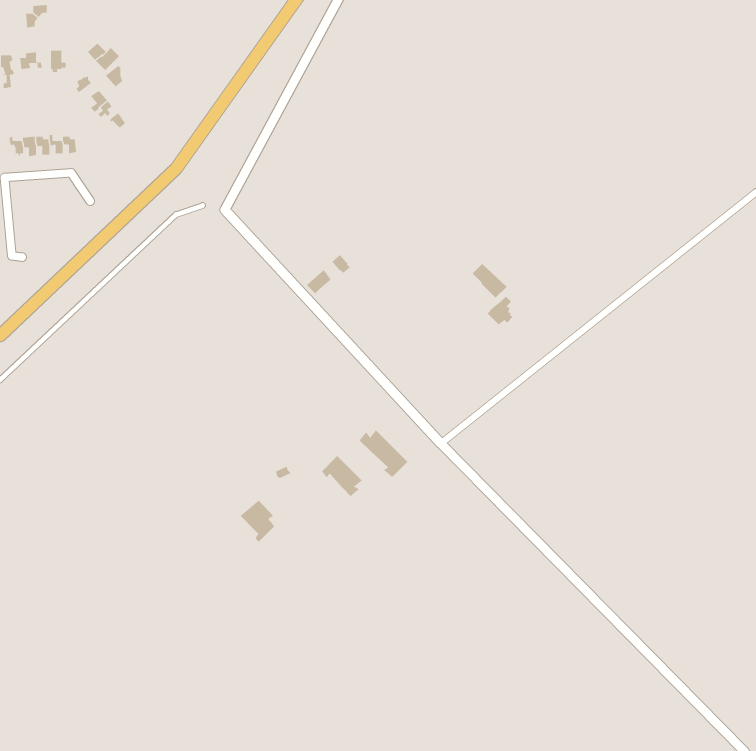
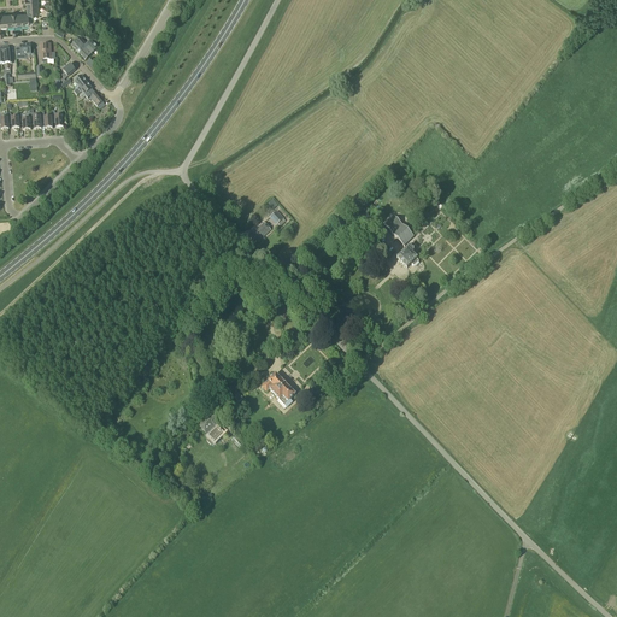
building: [359,429,408,478] -> none

